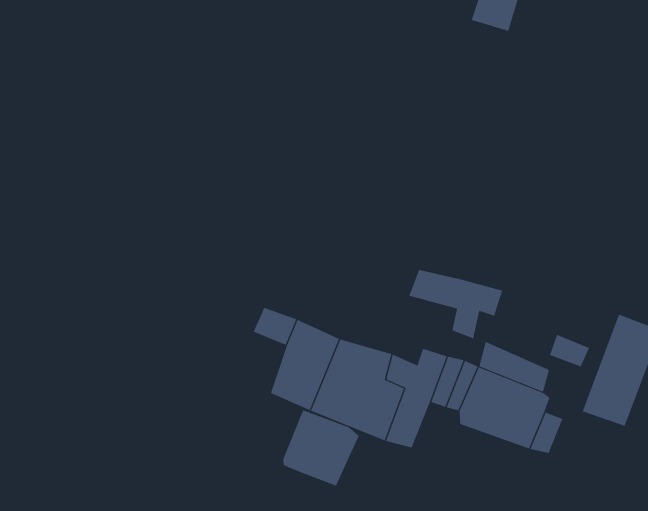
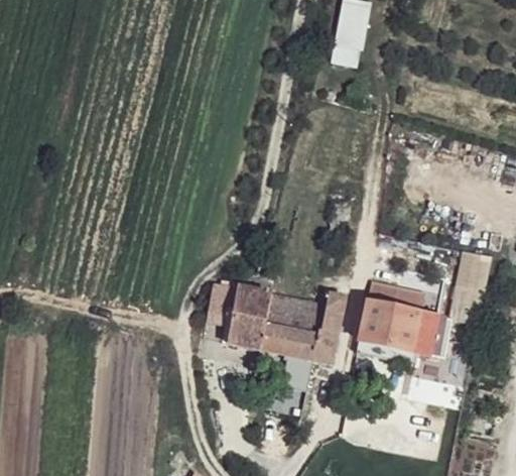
building: [408,269,503,339] -> none
building: [283,410,359,486] -> none

